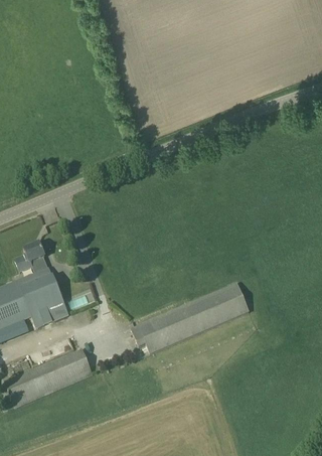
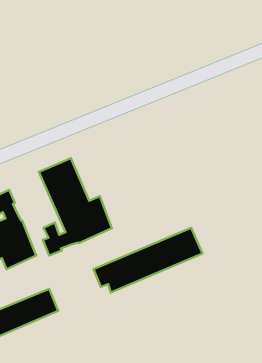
building: none -> [39,158,112,256]

